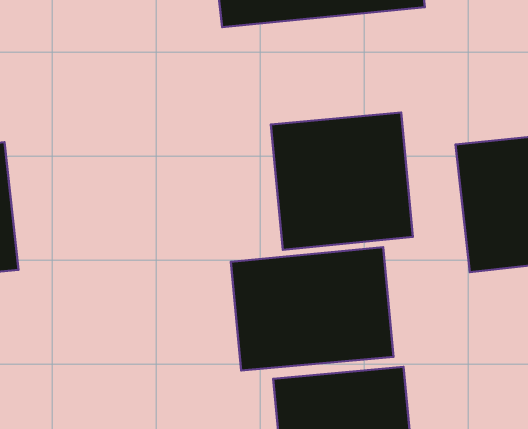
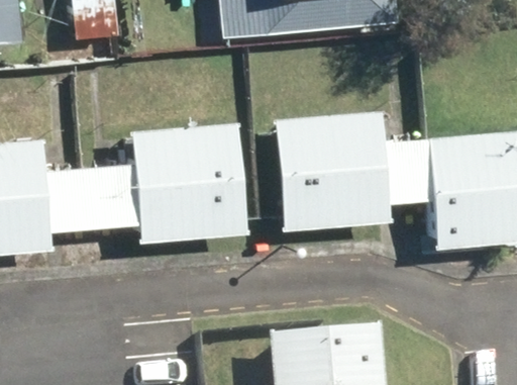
building: none -> [127,122,248,239]
building: [231,247,394,370] -> none

